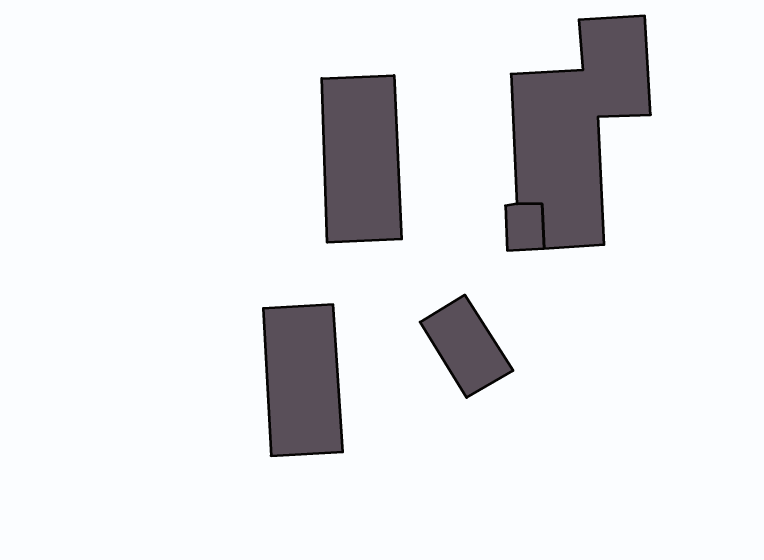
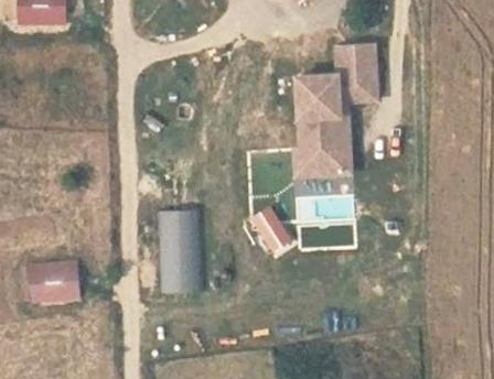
building: [322,75,402,242] -> none
building: none -> [25,260,79,304]

